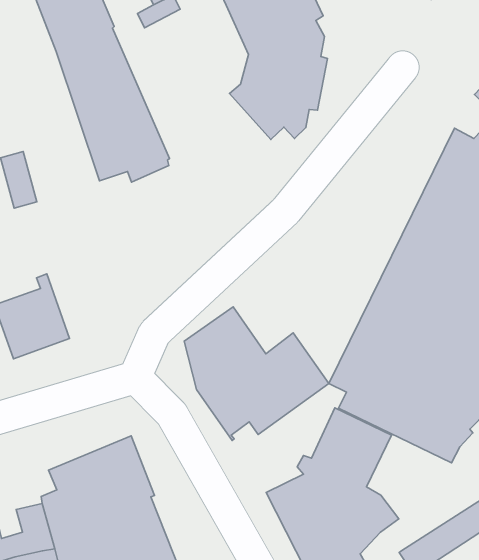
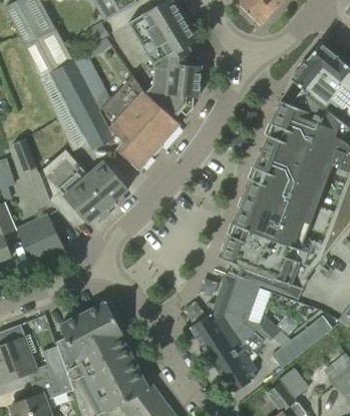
building: none -> [72,53,180,168]
building: [184,307,329,440] -> [39,148,127,228]

